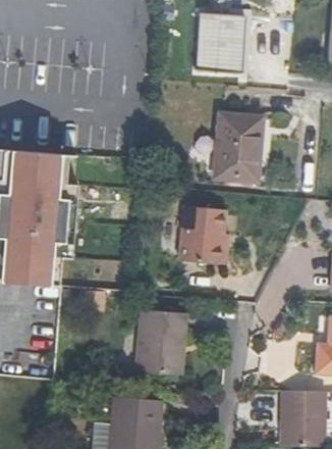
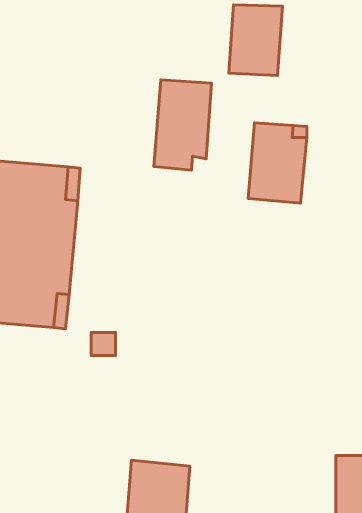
building: none -> [154,80,212,170]
building: [177,205,223,263] -> none
building: [133,311,186,376] -> none

